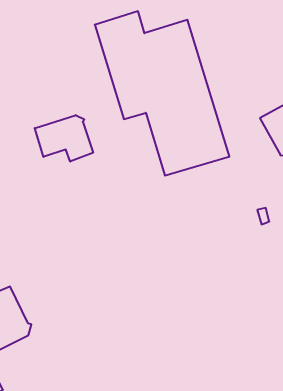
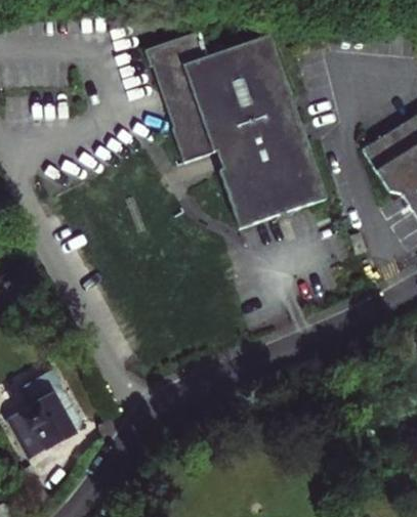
building: [35,115,93,162] -> none

